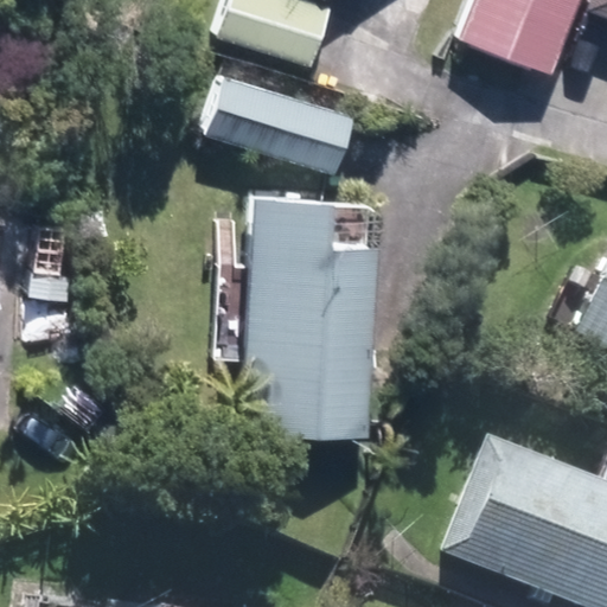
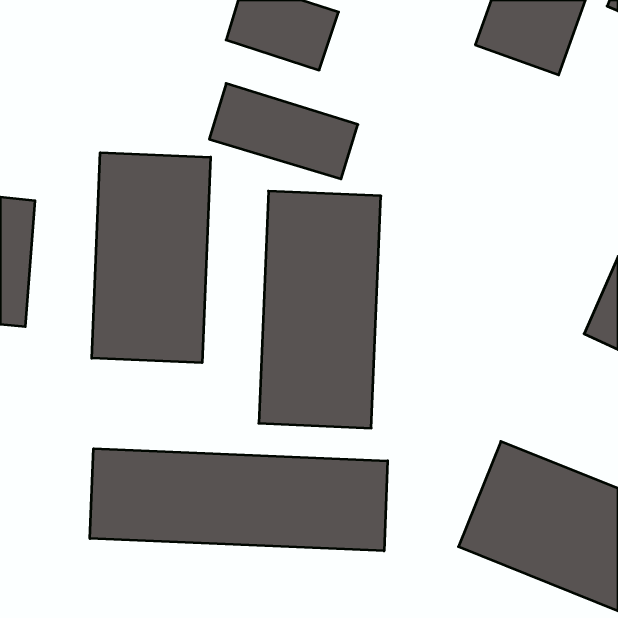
building: none -> [92,153,211,363]
building: none -> [90,449,388,551]

